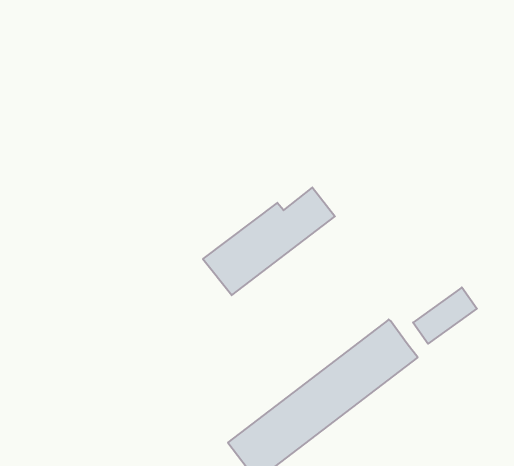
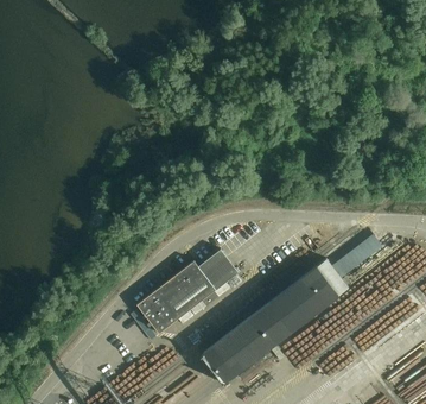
building: [203,187,335,295] -> [135,251,239,335]

